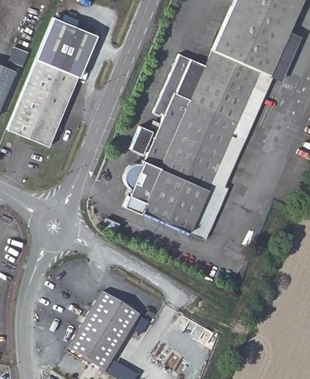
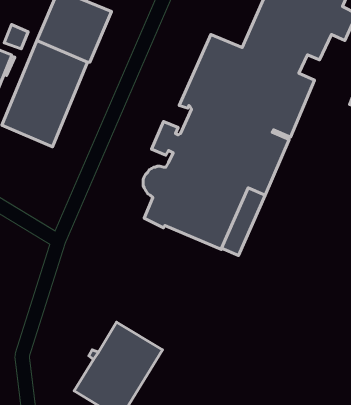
building: [253,54,291,92] -> none

